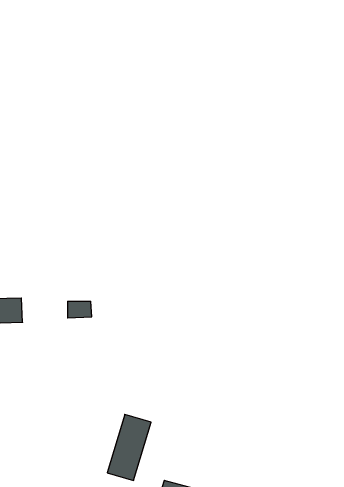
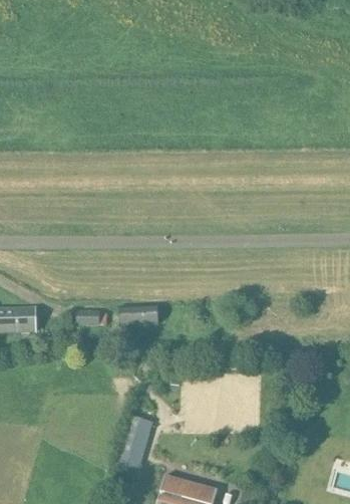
building: none -> [119,304,157,326]

